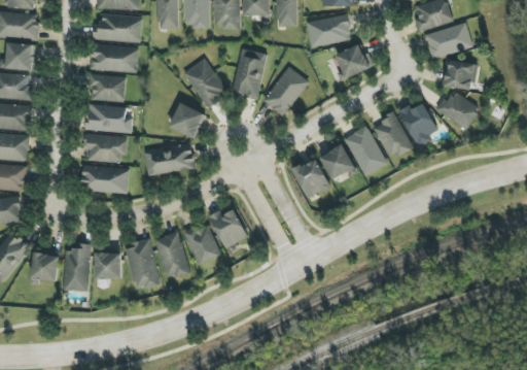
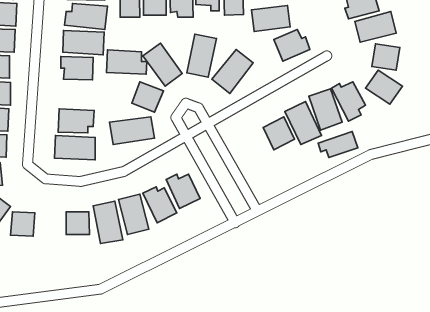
building: [85,104,132,132] -> [106,50,147,74]
building: [292,158,330,198] -> none
building: none -> [318,131,358,158]
building: [63,243,90,291] -> none

